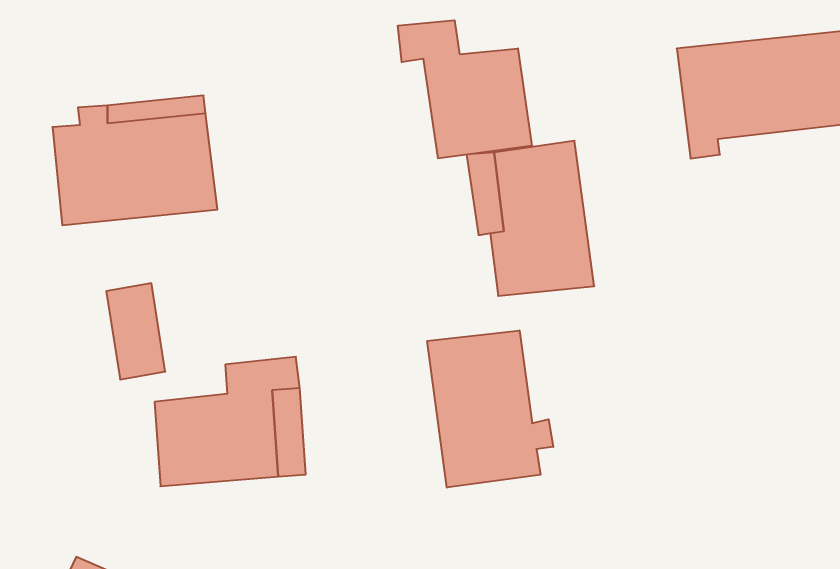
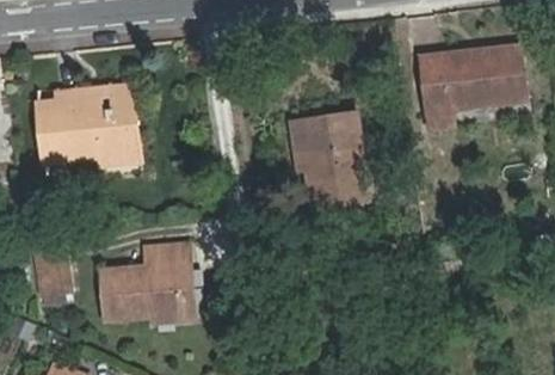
building: [398,20,532,158] -> none
building: [106,283,165,379] -> [35,244,70,302]
building: [427,330,553,488] -> none

